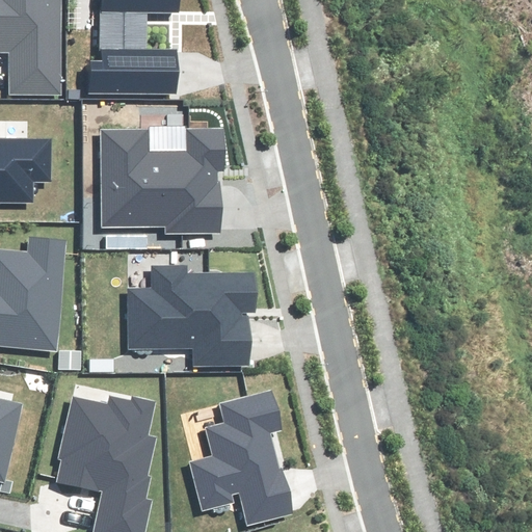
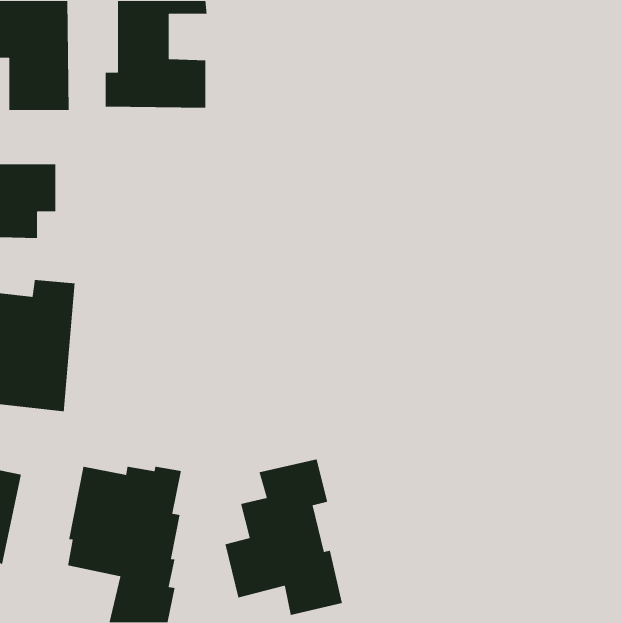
building: [100,129,223,232] -> none
building: [127,266,255,364] -> none

